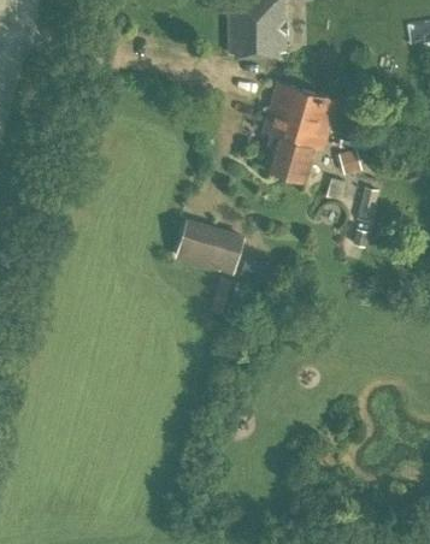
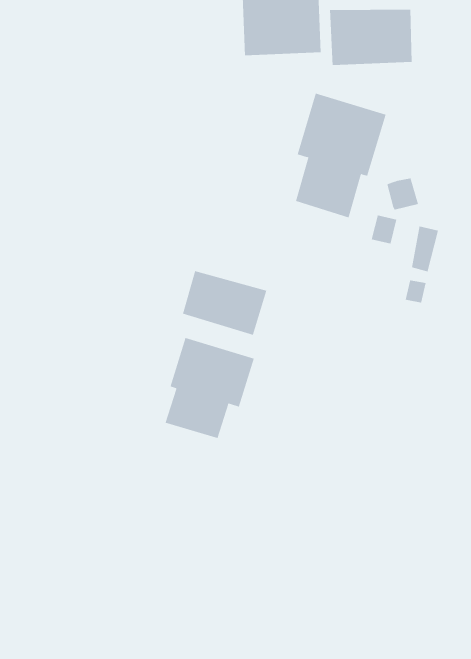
building: none -> [329,9,412,66]
building: none -> [165,337,254,439]

